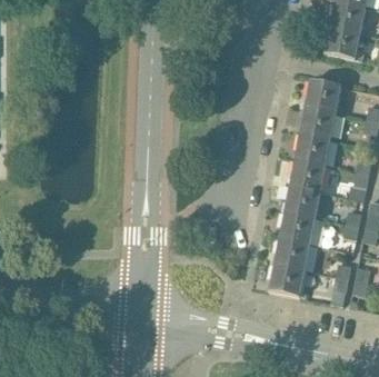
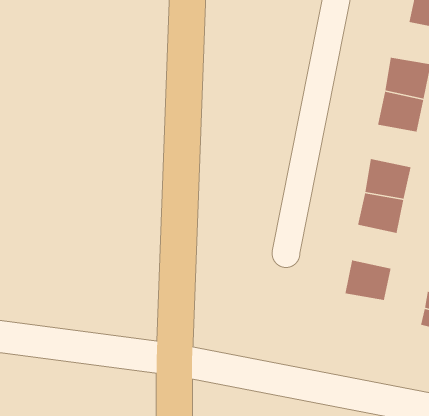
building: [295,131,331,163] -> none
building: [280,209,316,242] -> none
building: [269,262,306,295] -> none

